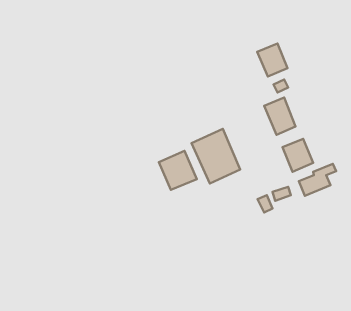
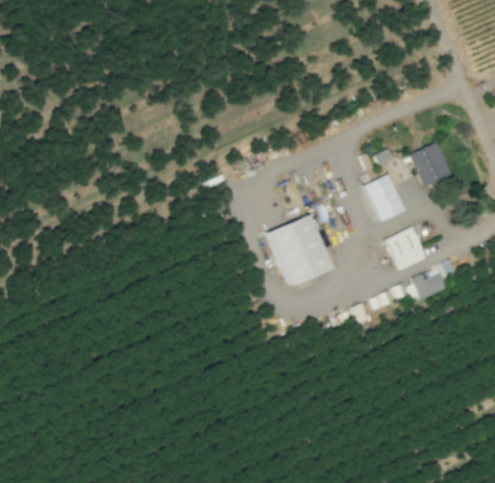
building: [257,43,288,76] -> [410,142,450,186]
building: [159,151,197,190] -> none

